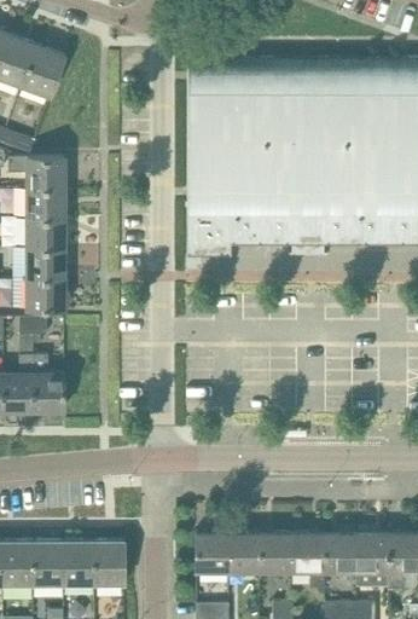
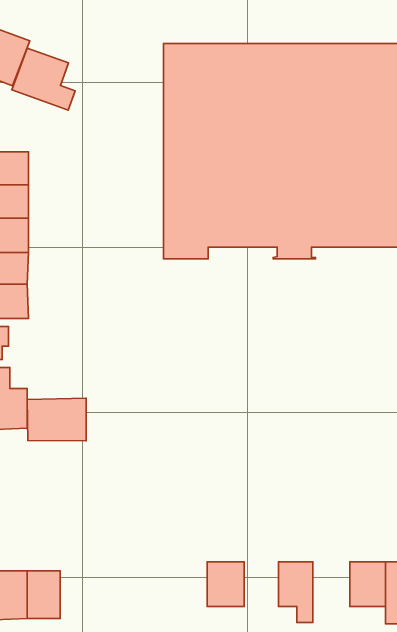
building: none -> [12,48,75,110]
building: none -> [27,398,86,441]
building: [195,533,227,574] -> none
building: [261,533,292,574] -> none
building: [324,533,358,574] -> none
building: [93,542,124,585] -> none

